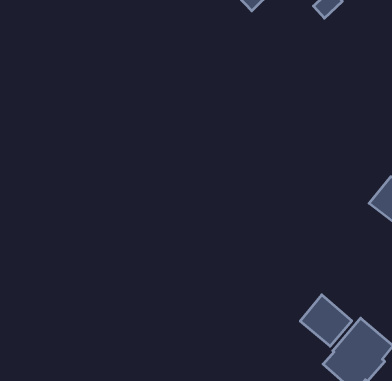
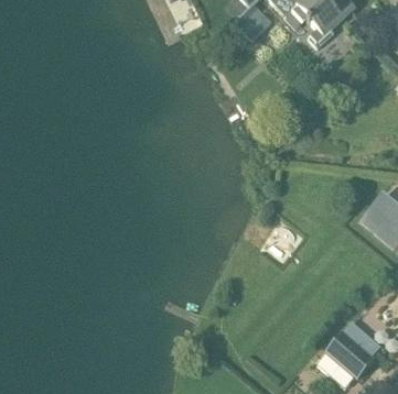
building: [300,295,352,346] -> none

